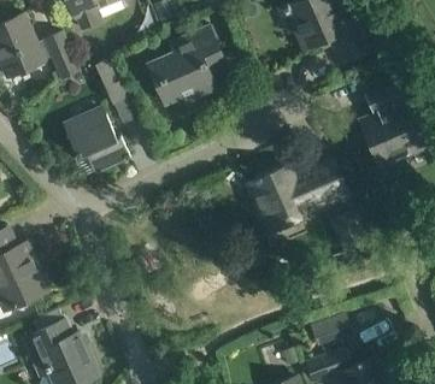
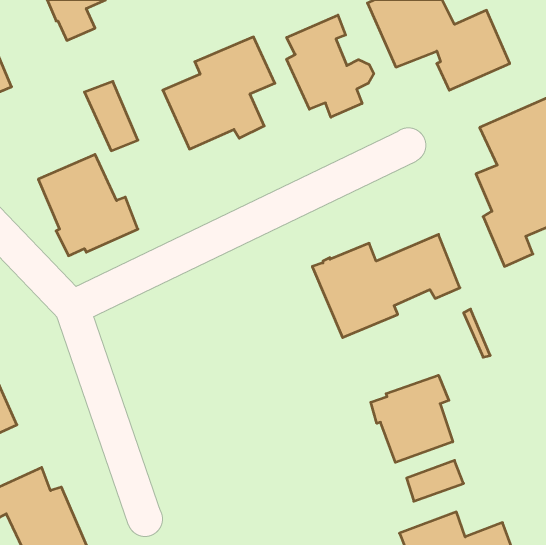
building: none -> [287,15,374,117]
building: [43,33,78,79] -> none
building: none -> [371,375,453,462]

